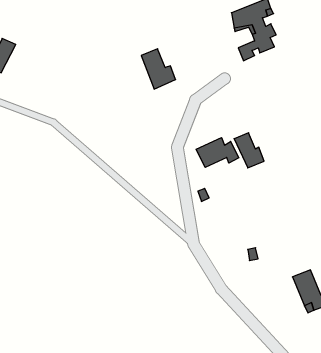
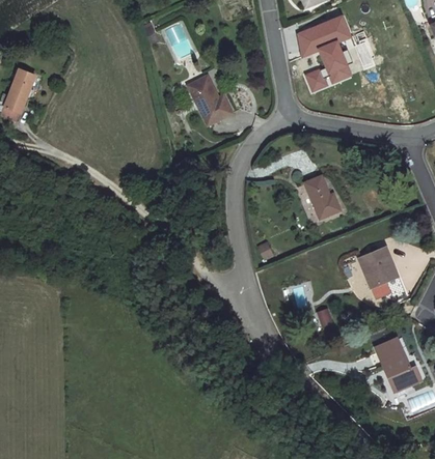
building: [196,138,239,167] -> none
building: none -> [356,247,400,304]

